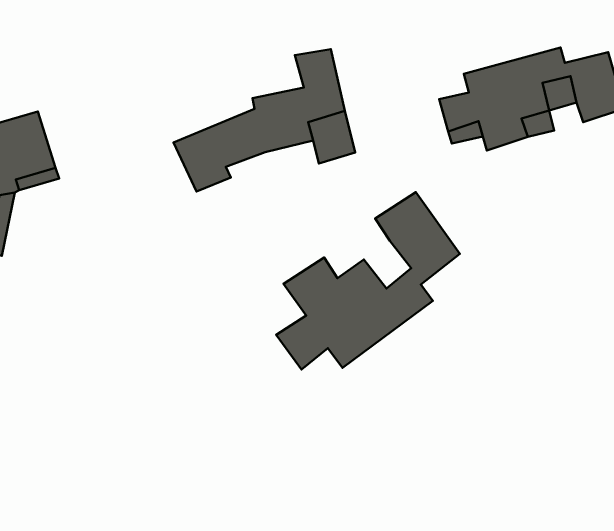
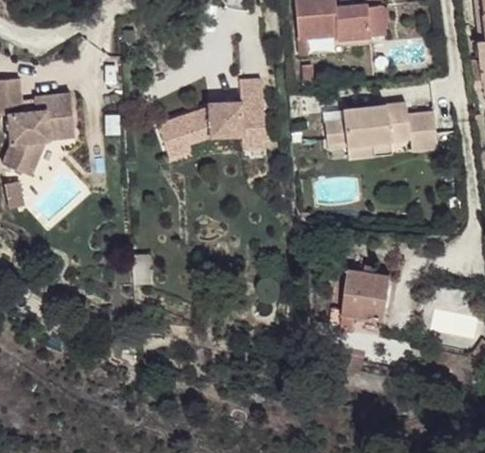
building: [276,192,460,369] -> none
building: none -> [339,269,390,336]

